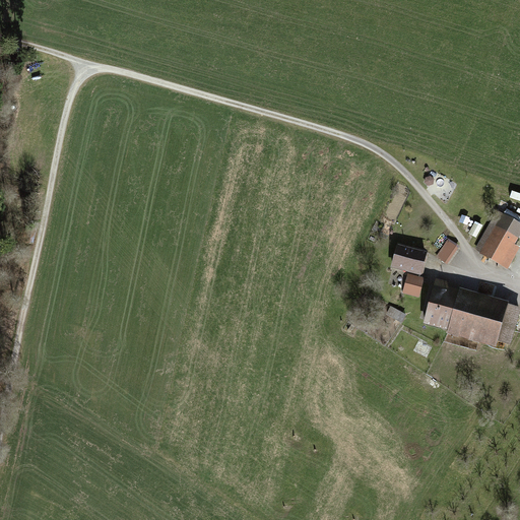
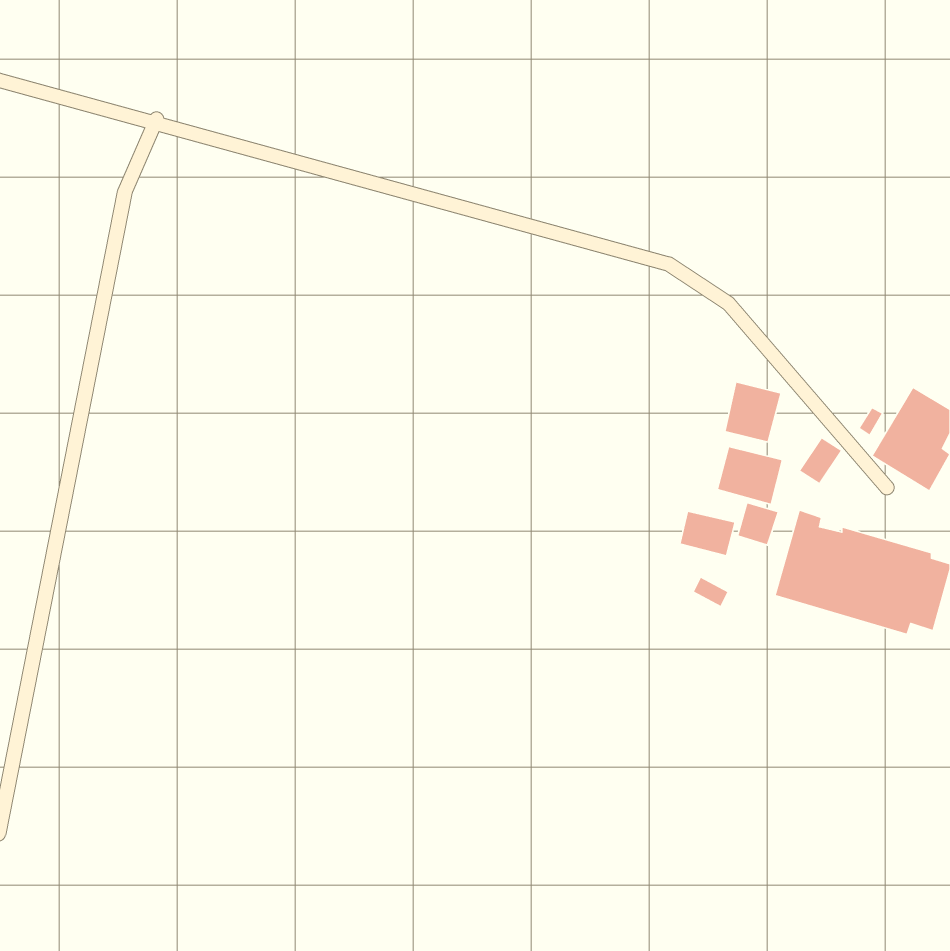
building: none -> [725,382,781,442]
building: none -> [680,511,735,556]

